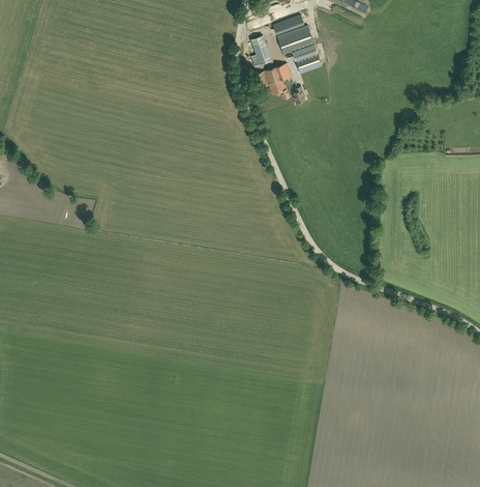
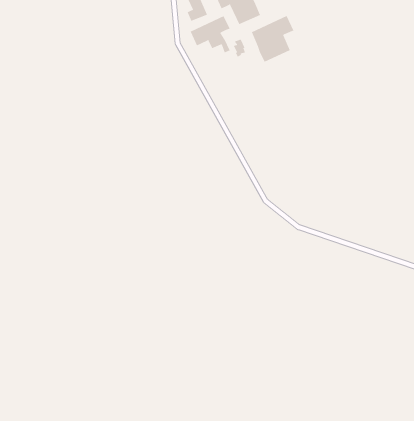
building: none -> [251,15,294,62]

